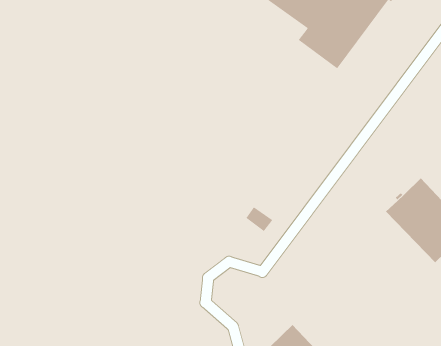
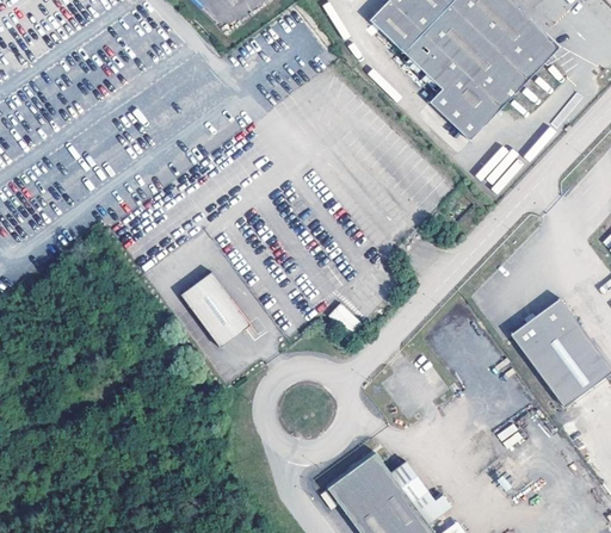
building: none -> [183,272,253,348]

